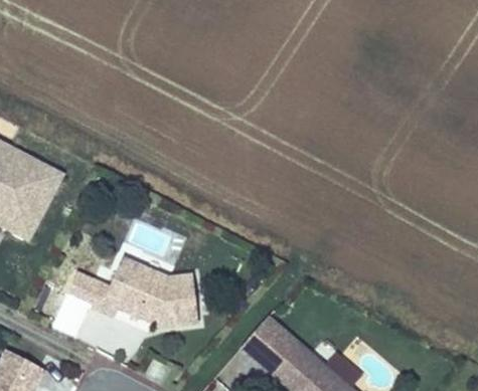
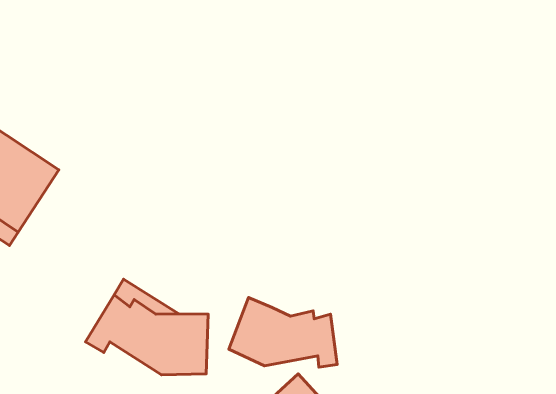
building: none -> [229,297,337,367]

